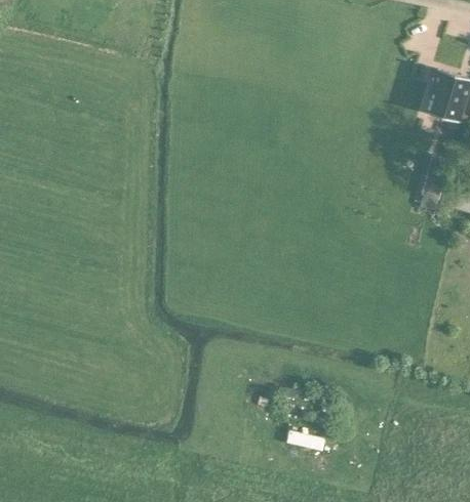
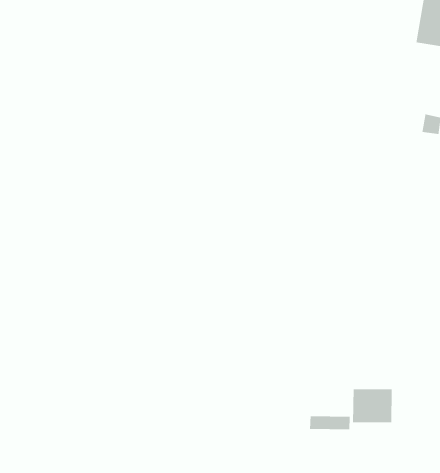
building: none -> [352,388,392,423]

